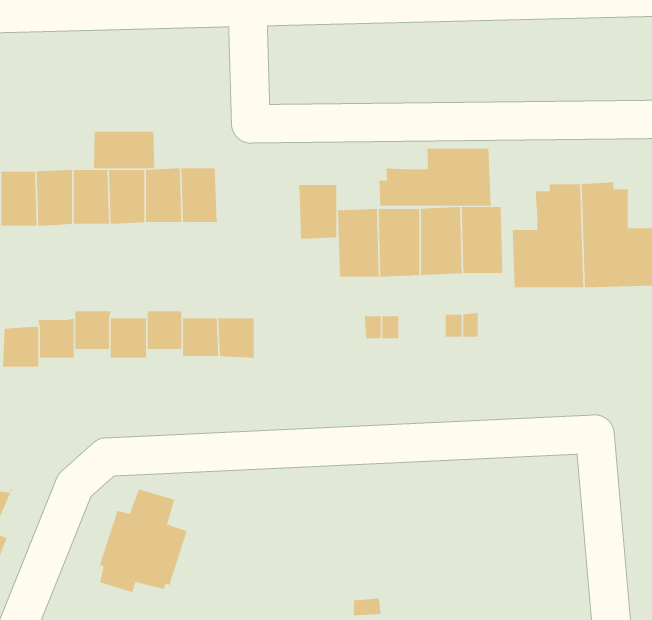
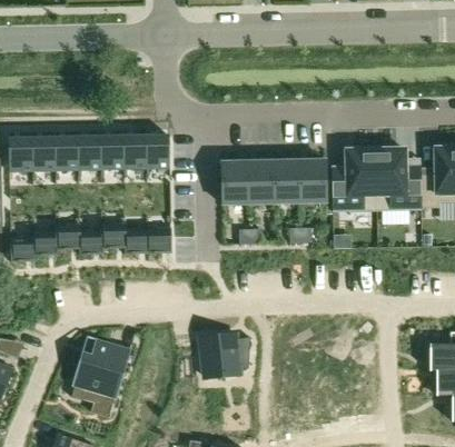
building: [93,131,155,169] -> none
building: [379,148,491,207] -> none
building: [299,184,337,239] -> [145,135,169,169]
building: none -> [202,335,253,376]

